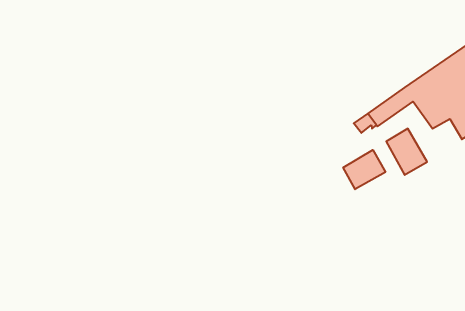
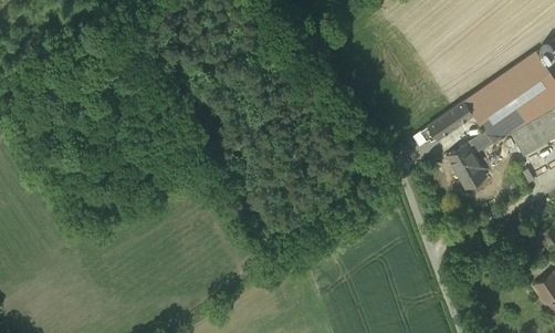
building: [343,150,385,189] -> none

